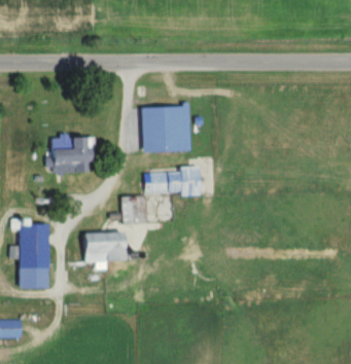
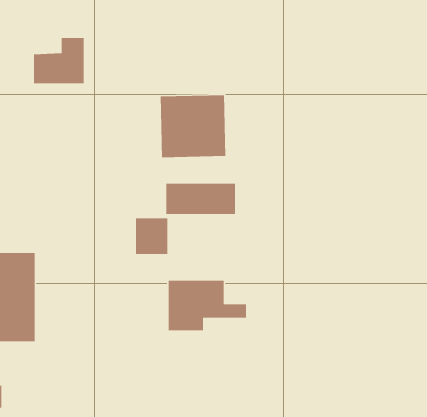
building: [50,138,89,173] -> [33,37,84,84]
building: [82,232,141,270] -> [168,280,247,331]

